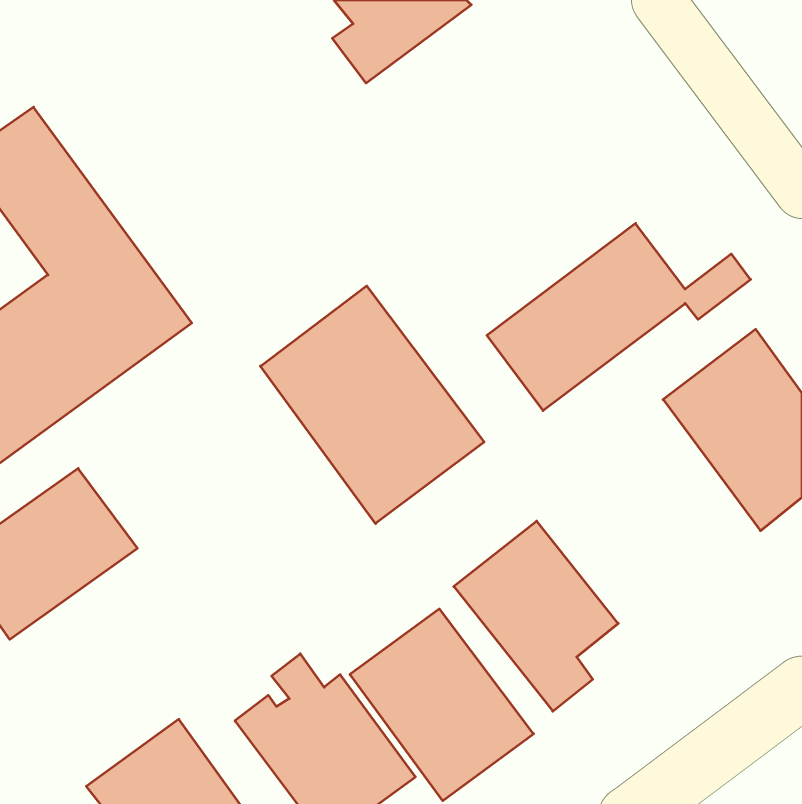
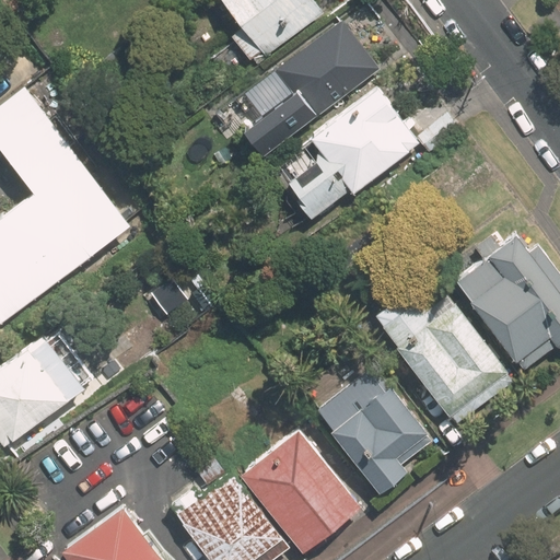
building: none -> [247,24,376,154]
building: [487,223,751,411] -> [278,91,458,219]
building: [260,286,484,524] -> none
building: none -> [374,291,508,420]

